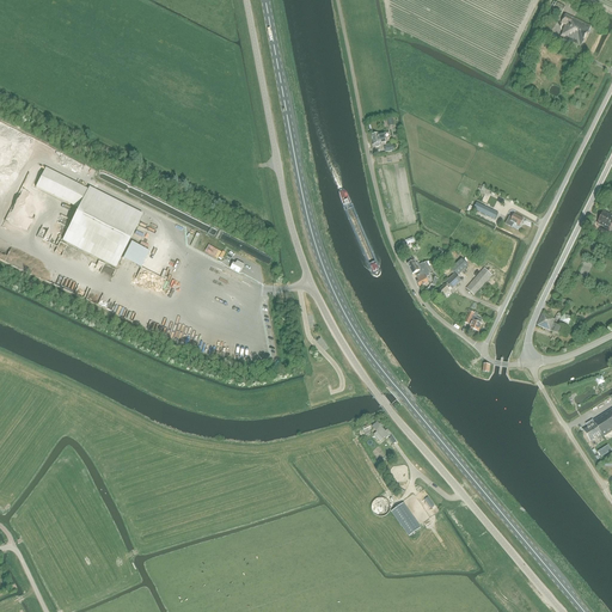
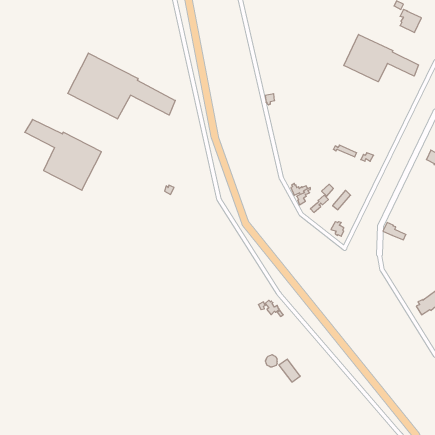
building: none -> [344,34,418,82]
building: none -> [68,53,175,119]

